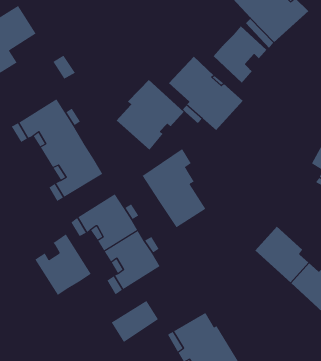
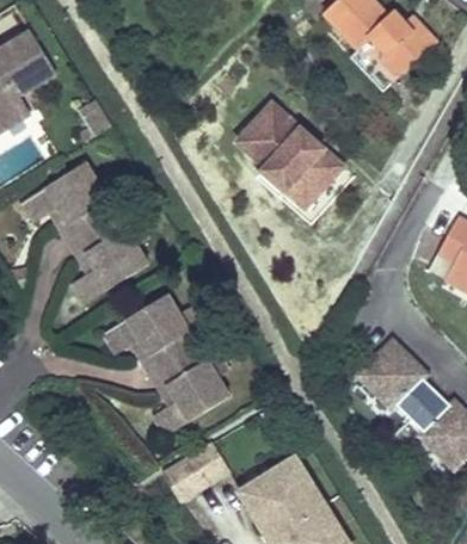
building: [213,25,267,83] -> none
building: [116,79,184,150] -> none
building: [142,148,206,228] -> none
building: [35,234,91,296] -> none

